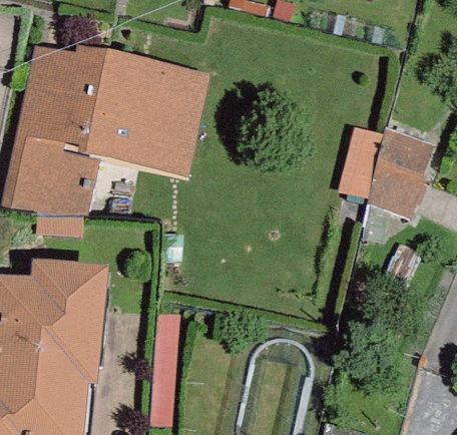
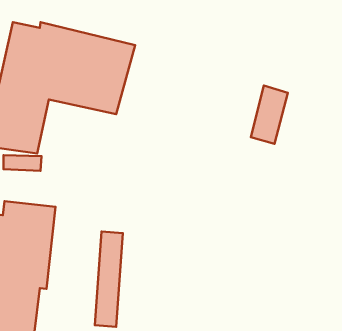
building: [368,131,433,219] -> none

